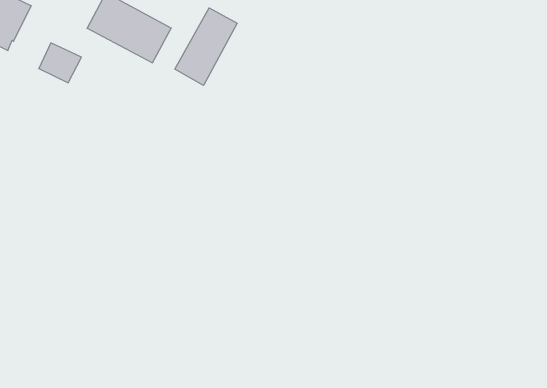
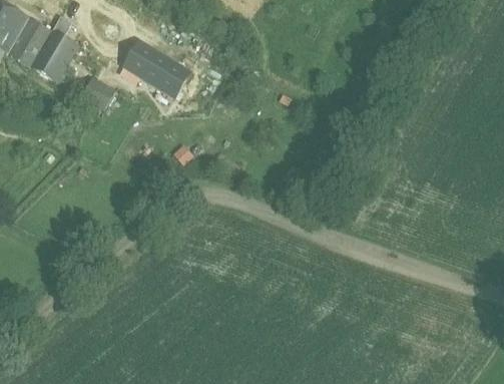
building: [175,8,237,85] -> none

